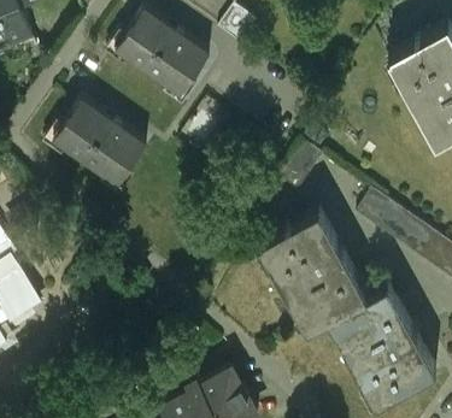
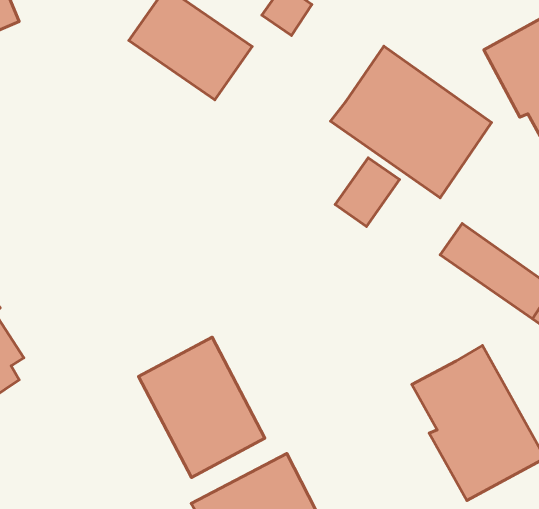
building: none -> [331,46,492,198]
building: [51,95,145,182] -> none
building: [257,206,365,322] -> none
building: none -> [139,337,265,477]

